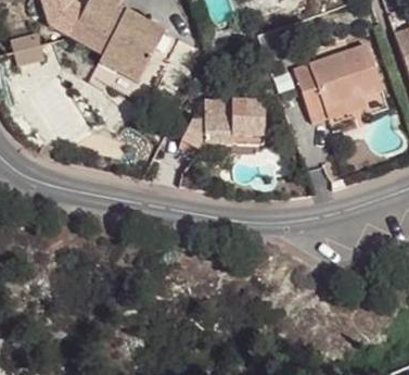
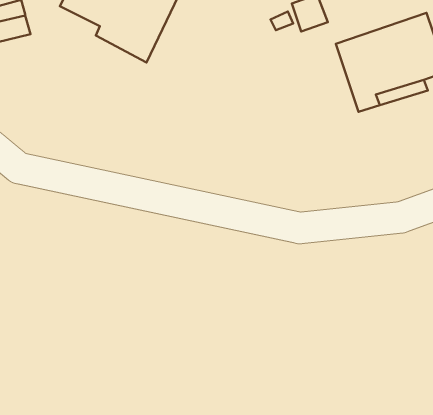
building: [182,98,265,149] -> none

